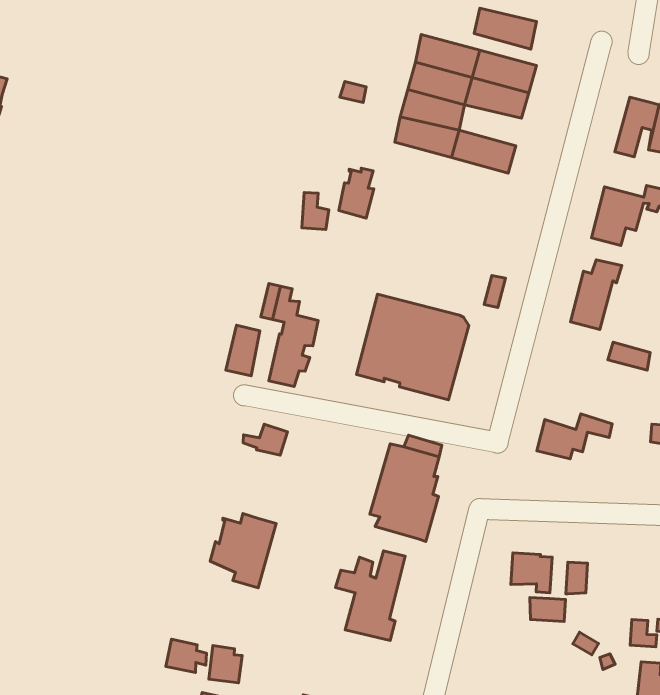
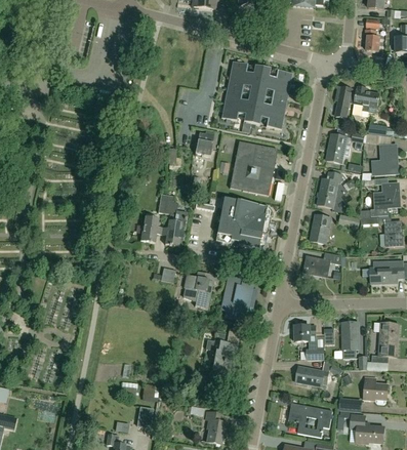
building: [474,8,537,49] -> [254,95,286,115]
building: none -> [230,140,277,195]
building: none -> [311,214,331,243]
building: [210,514,276,588] -> [181,271,214,309]
building: none -> [342,321,359,358]
building: none -> [295,366,329,386]

